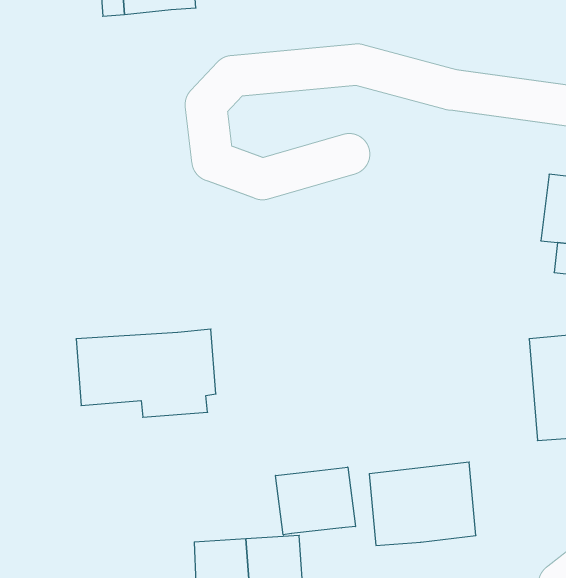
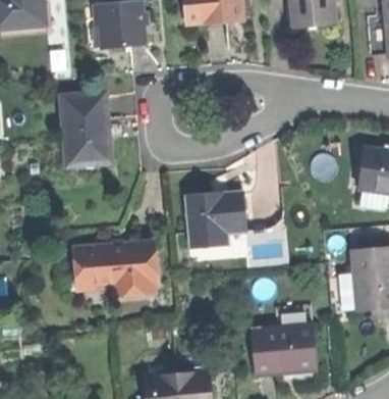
building: none -> [60,92,110,164]
building: none -> [185,191,245,240]
building: [276,467,355,535] -> none

